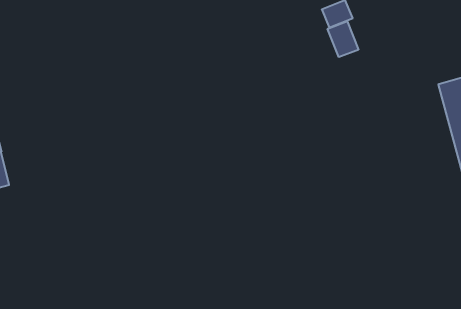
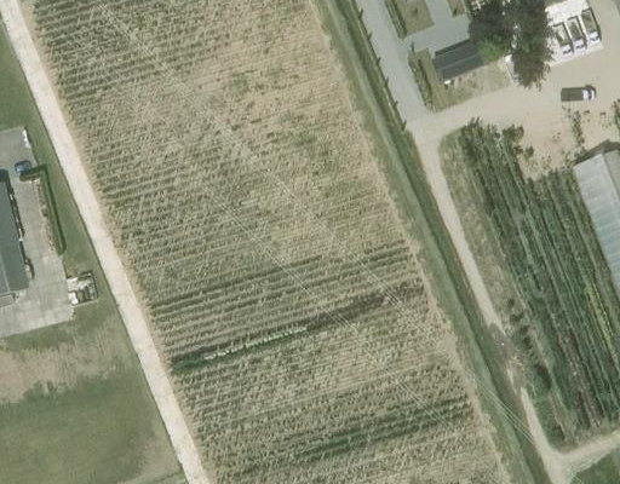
building: [328,21,358,57] -> none

